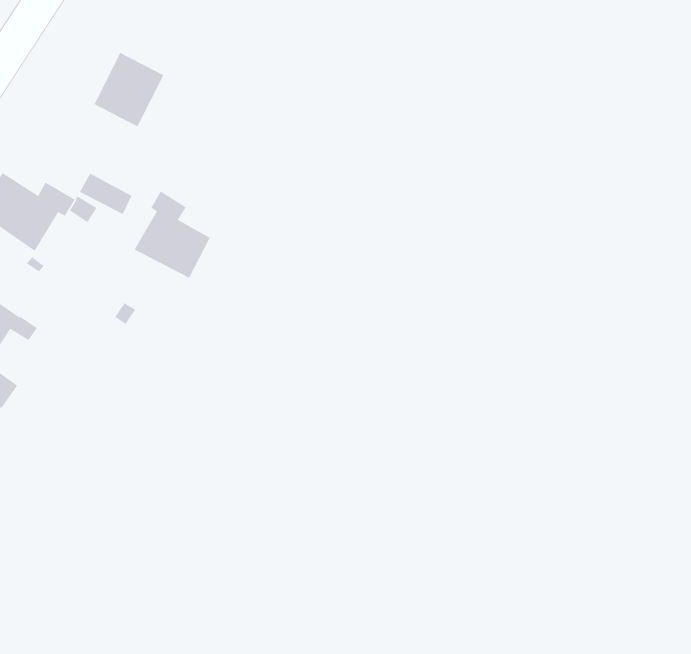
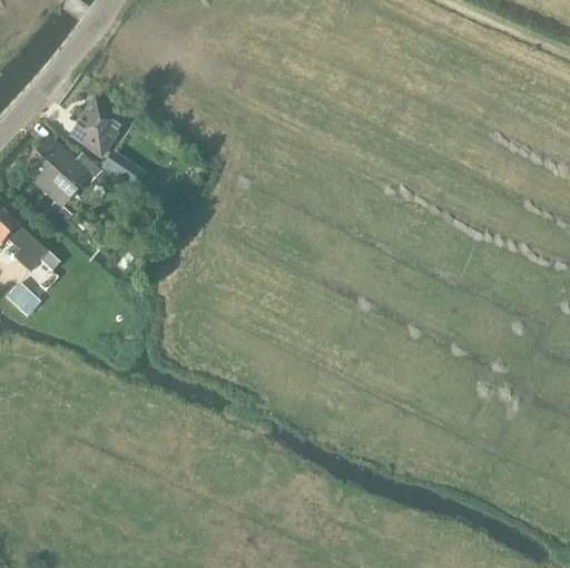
building: [94,52,164,127] -> [71,98,126,155]
building: [134,191,211,279] -> none

